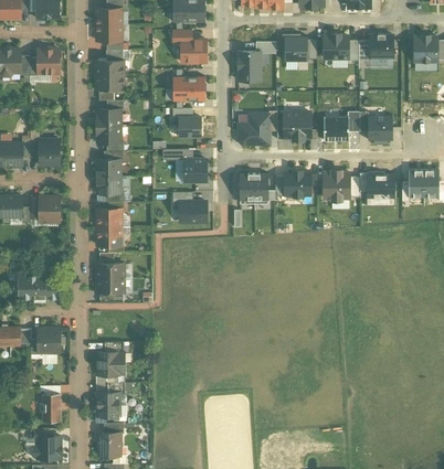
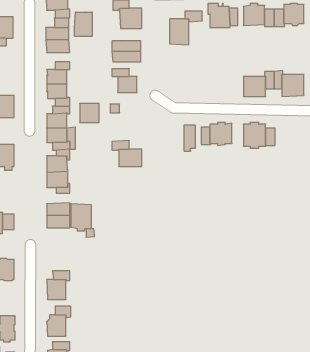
building: none -> [75,12,92,36]
building: [284,111,310,139] -> none
building: [239,114,269,143] -> none
building: [184,159,207,181] -> [80,103,99,123]
building: [240,173,255,203] -> none
building: [367,174,395,205] -> none
building: none -> [71,203,91,231]

